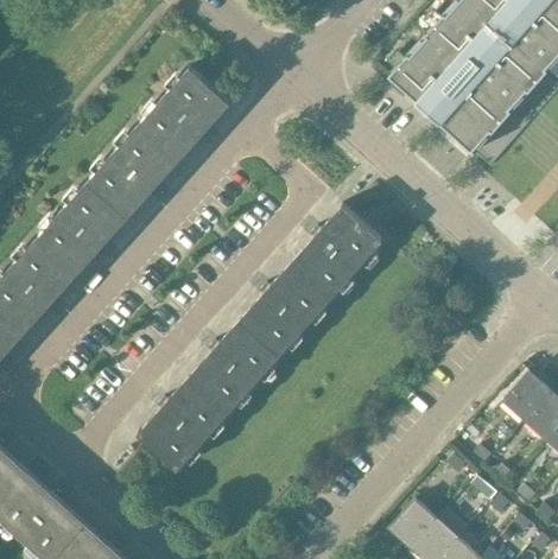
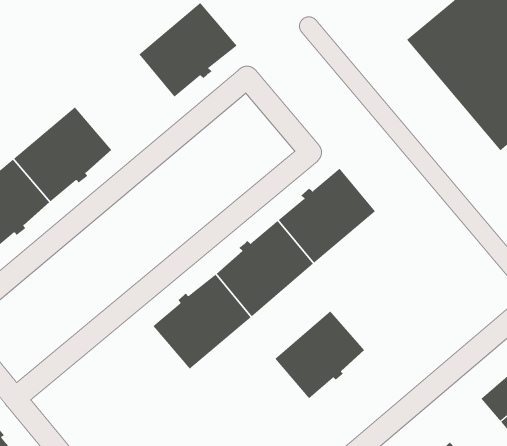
building: [87,125,178,217] -> none
building: none -> [274,311,365,399]
building: [137,376,228,469] -> none

